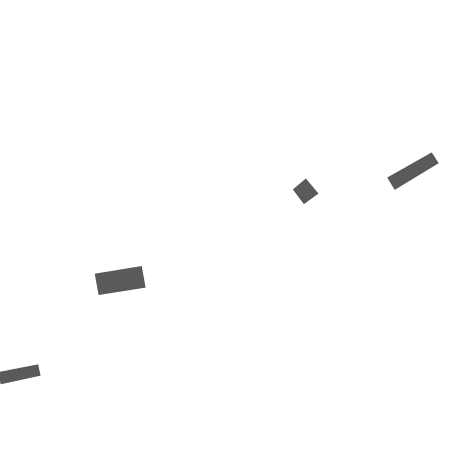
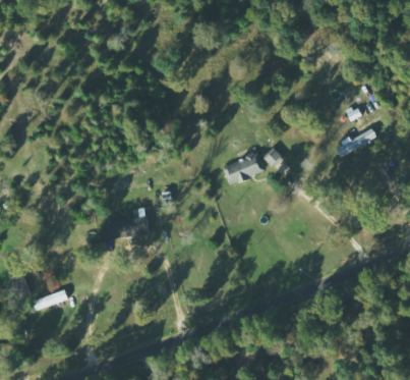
building: none -> [224,154,265,184]

